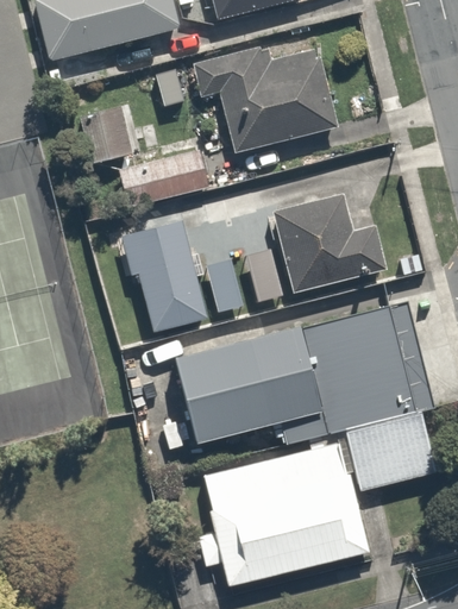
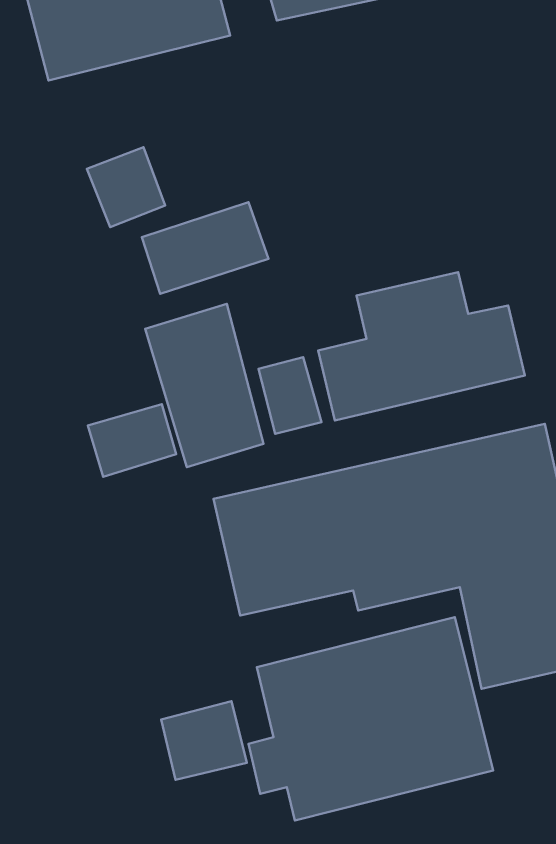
building: [195,45,341,152] -> none
building: none -> [88,404,176,477]
building: none -> [161,701,247,780]

